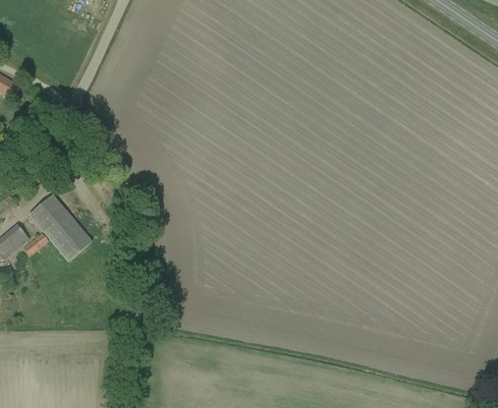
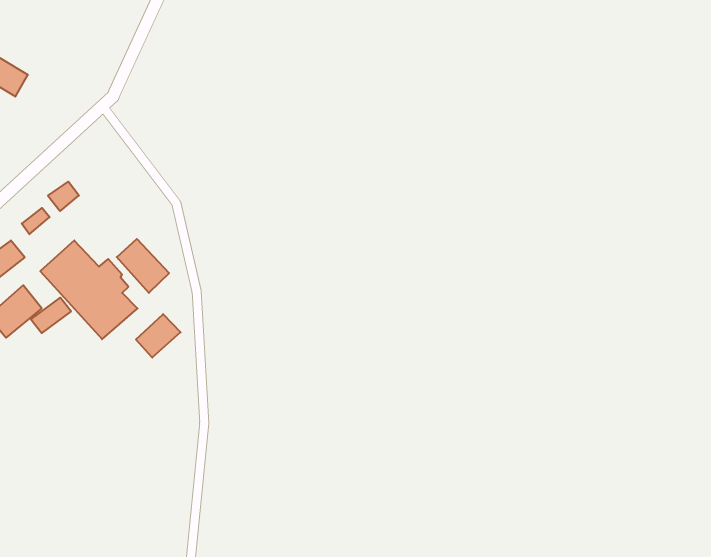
building: none -> [117,239,169,293]
building: none -> [136,314,181,358]

